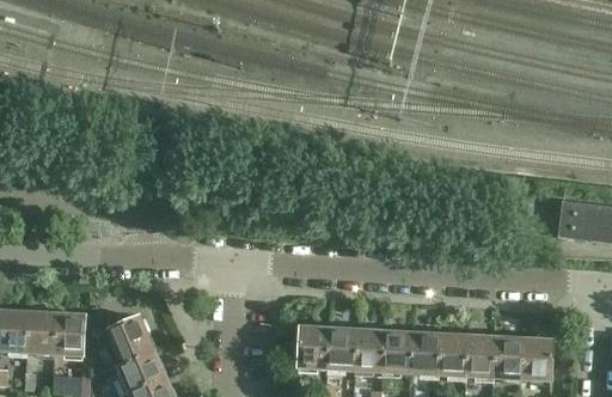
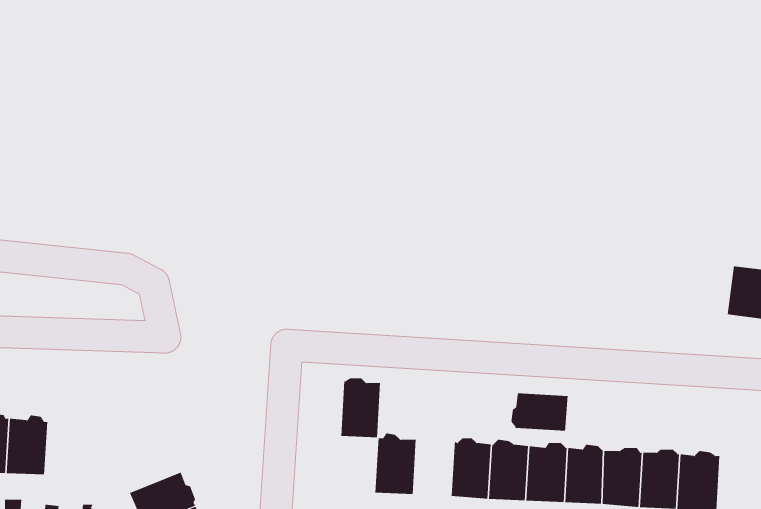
building: none -> [511,393,568,431]
building: [54,313,85,356] -> none
building: [106,317,154,368] -> none
building: [325,326,355,371] -> [340,378,381,438]

